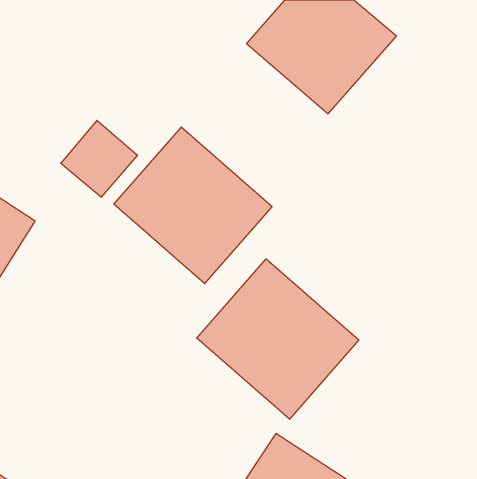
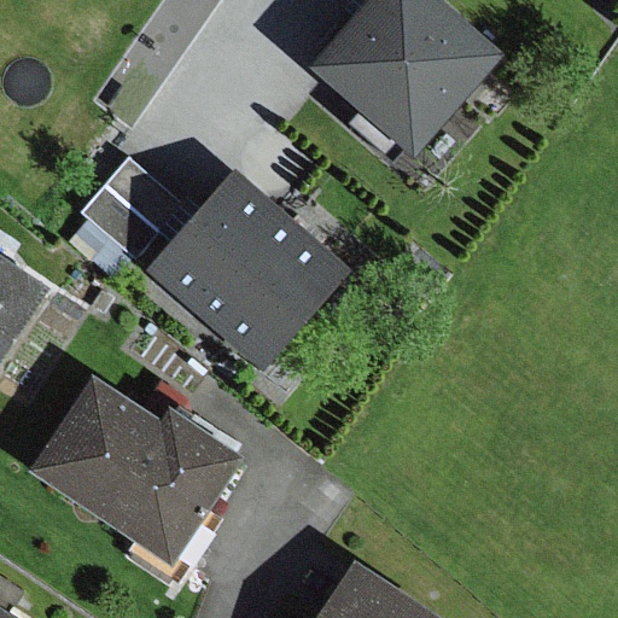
building: [197,259,359,419] -> none
building: none -> [29,377,247,567]

